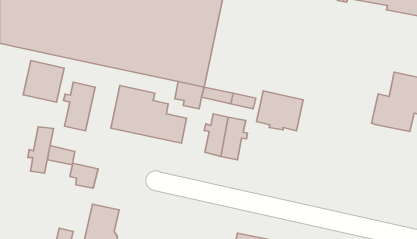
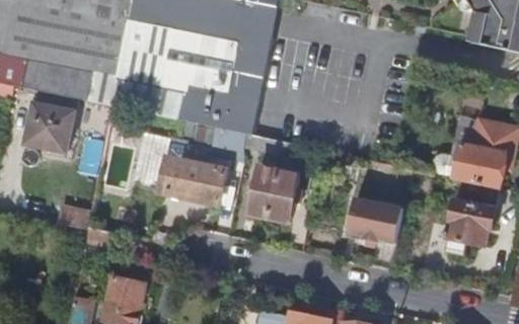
building: [63,82,95,131] -> none
building: [257,91,303,131] -> [347,193,403,242]
building: none -> [443,179,499,254]
building: [28,127,53,173] -> none

